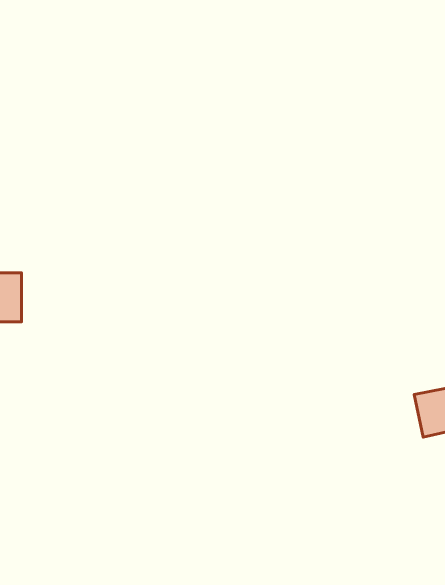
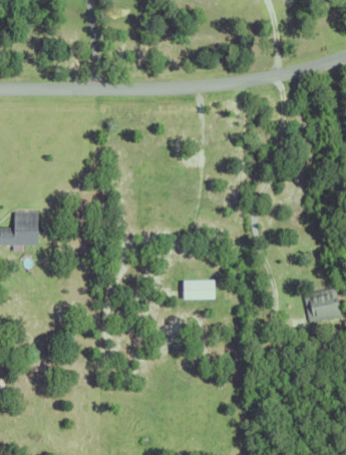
building: none -> [193,283,224,302]

